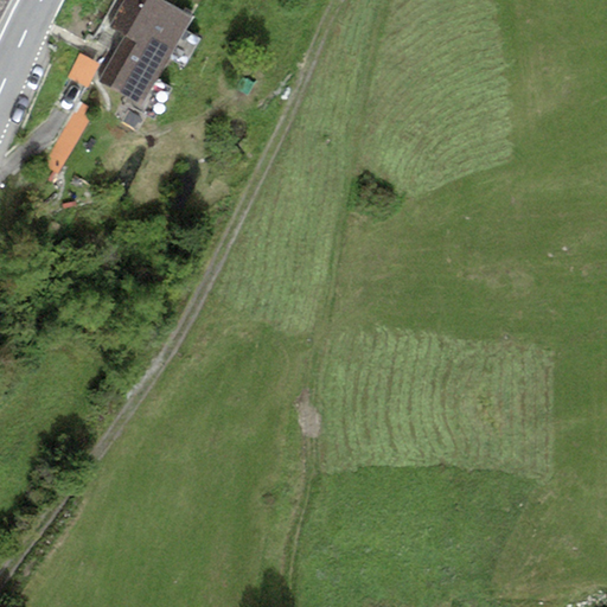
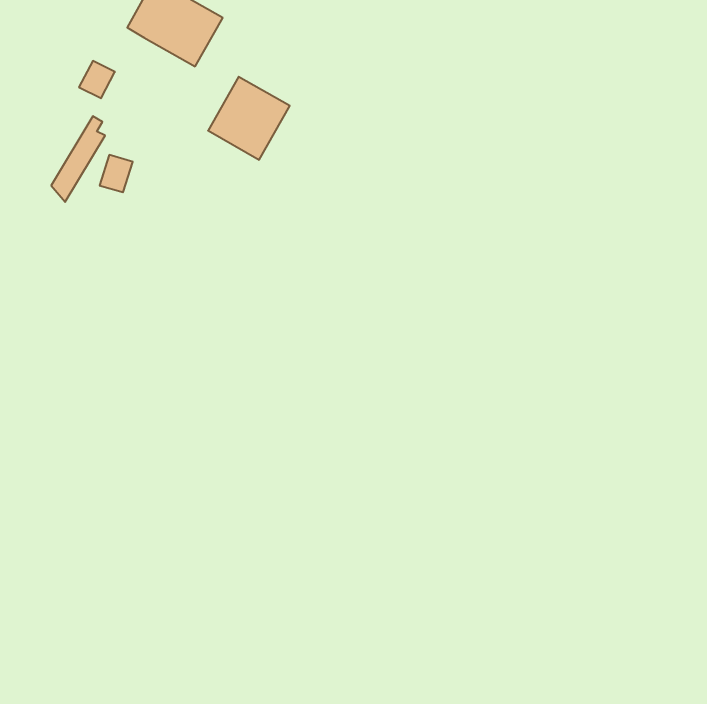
building: [97,32,167,103] -> [208,77,290,160]

